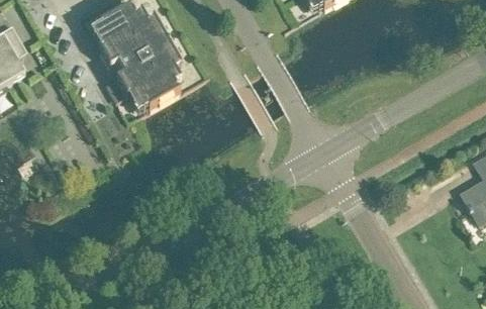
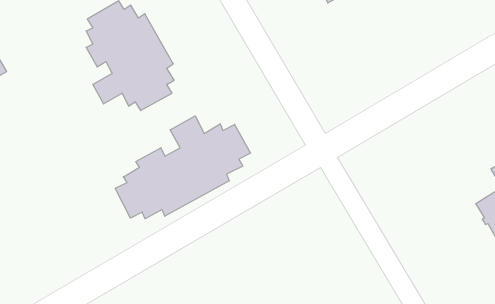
building: none -> [115,116,251,219]

